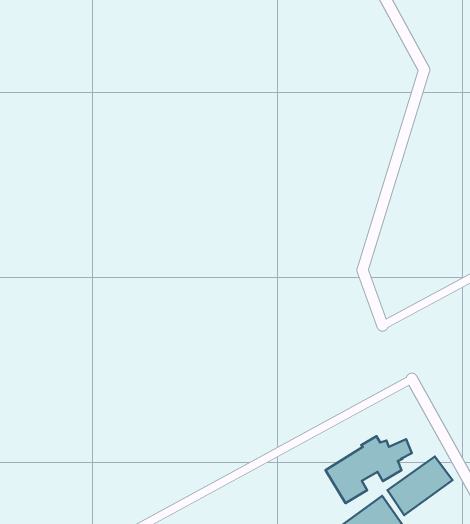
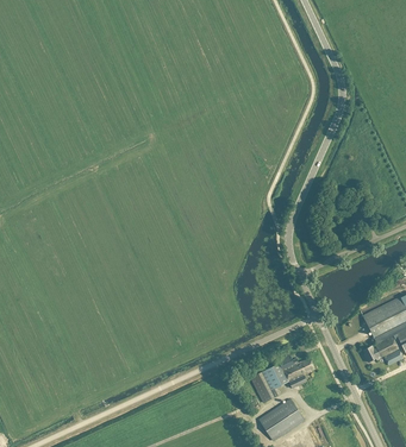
building: [387,457,453,515] -> none

